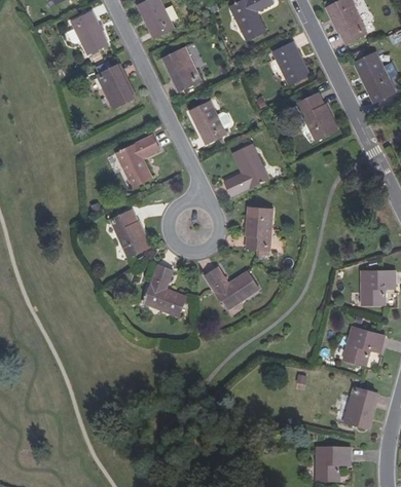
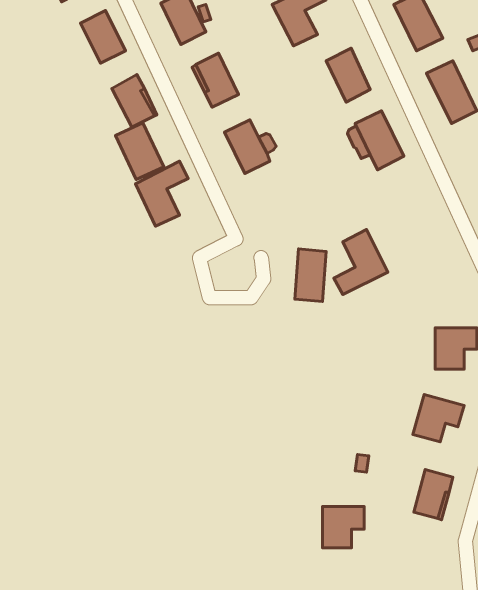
building: none -> [115,123,164,180]
building: [224,142,268,195] -> [334,229,388,295]
building: [112,211,151,258] -> none
building: [143,263,187,316] -> none
building: [206,267,260,309] -> none
building: [317,448,351,482] -> [323,506,364,548]

